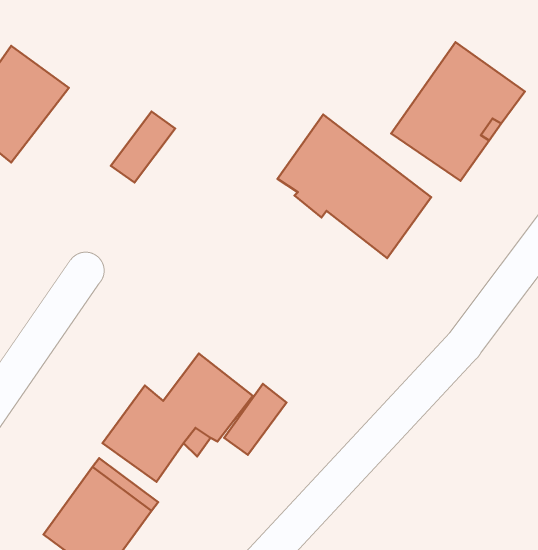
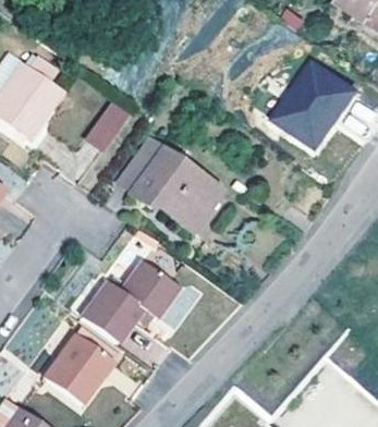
building: [277,114,431,258] -> [122,141,221,233]

